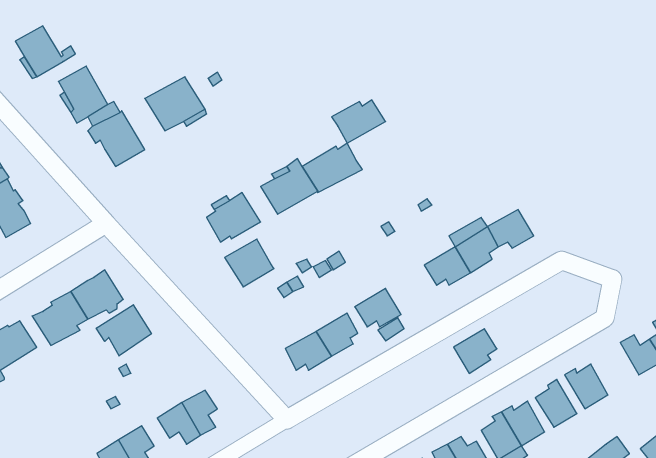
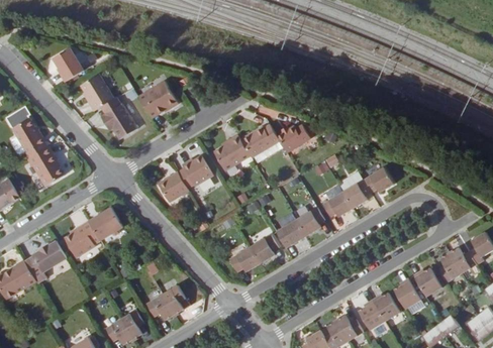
building: [332,100,386,143] -> [277,124,312,152]
building: [225,239,274,287] -> [158,172,190,204]
building: [96,305,151,356] -> none
building: [454,329,497,373] -> [296,207,324,236]
building: none -> [438,254,462,284]

